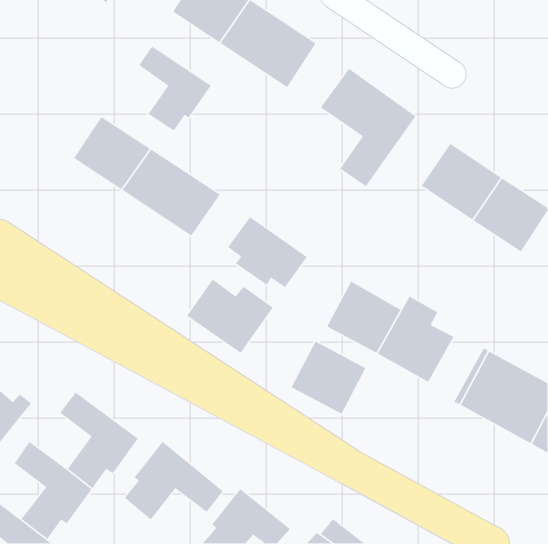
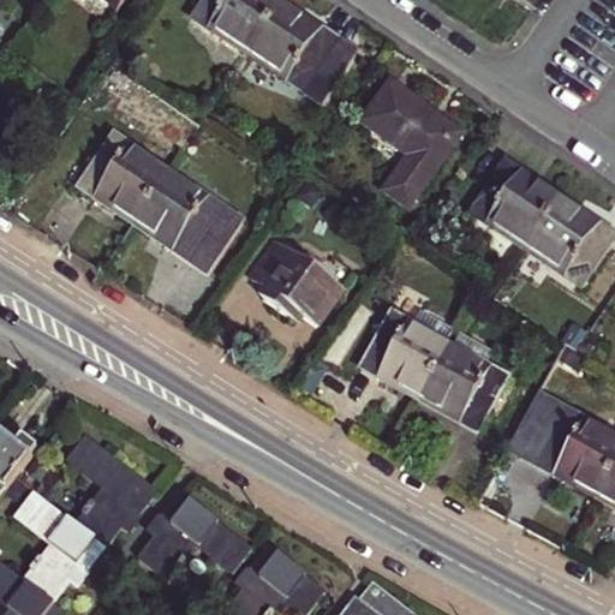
building: [138,45,212,132] -> none
building: [186,279,274,354] -> none
building: [290,340,367,415] -> none

